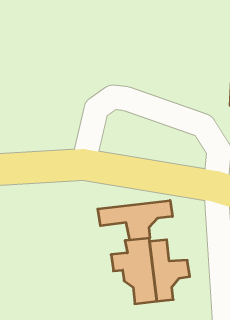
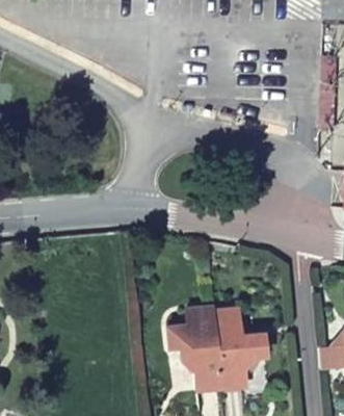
building: [98,200,172,240] -> none

